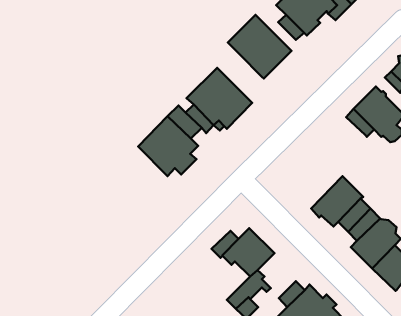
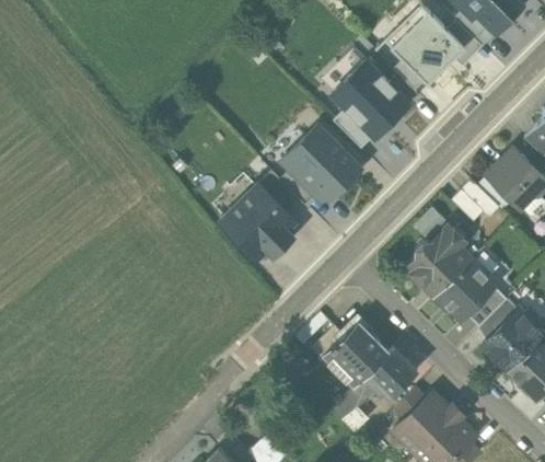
building: none -> [332,108,372,149]
building: none -> [450,180,498,221]
building: none -> [404,226,471,297]
building: none -> [367,346,416,394]

